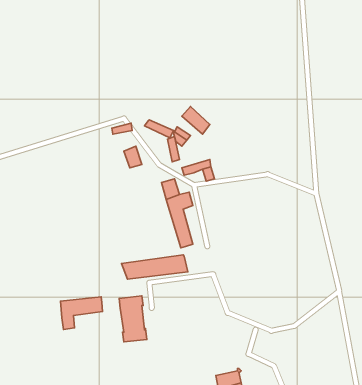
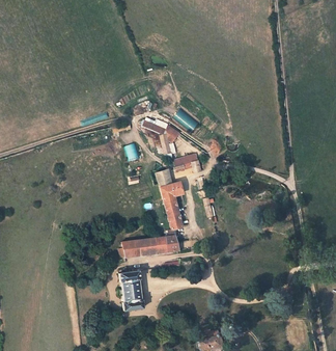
building: [61,297,103,329] -> none

